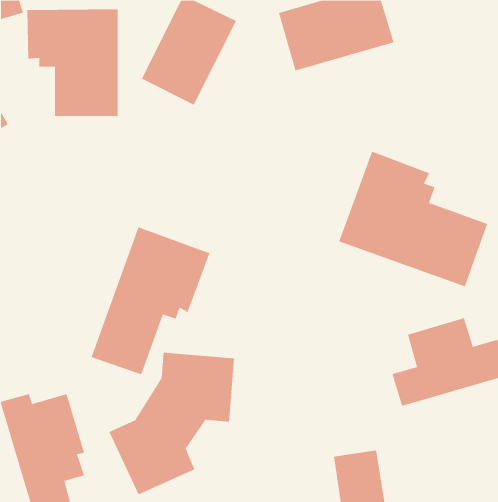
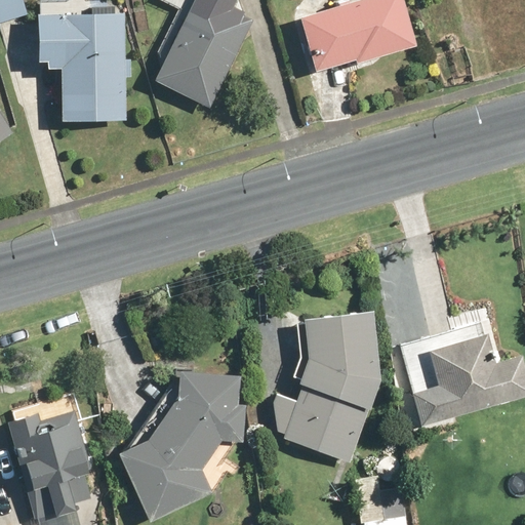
building: [338,151,488,287] -> none
building: [91,226,210,375] -> none
building: none -> [271,310,380,458]

